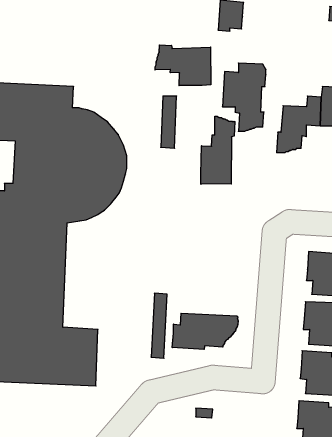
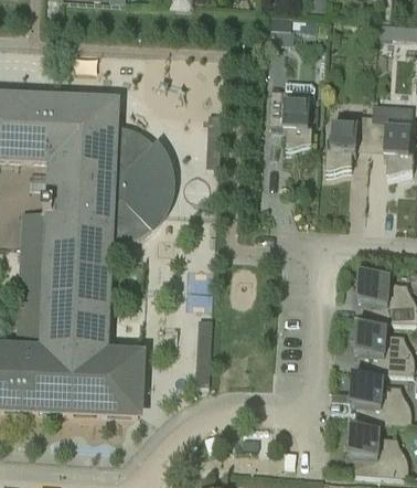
building: [155,45,211,86] -> none
building: [201,116,235,184] -> none
building: [172,313,238,349] -> none

